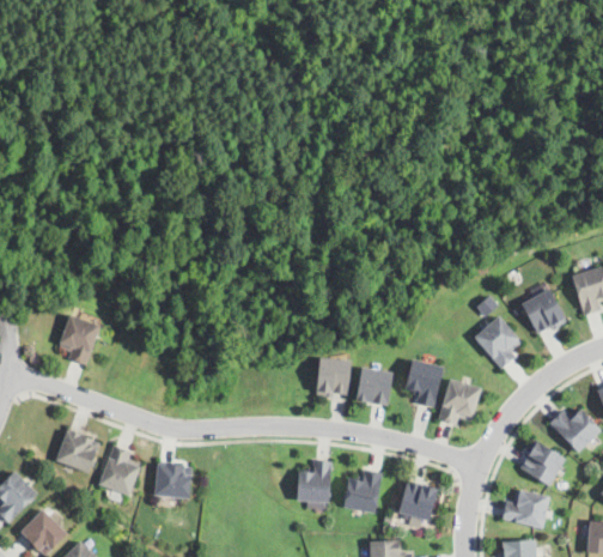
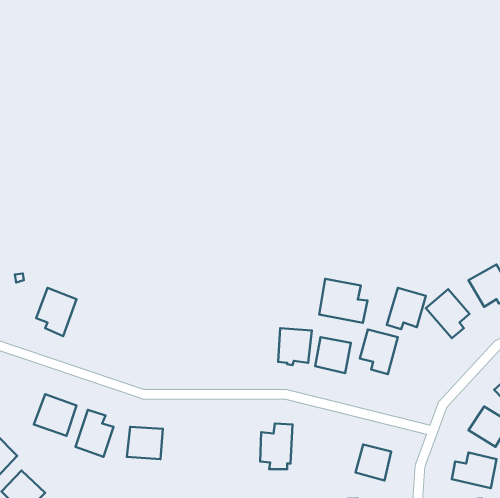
building: none -> [319,279,368,323]
building: [438,379,480,423] -> [387,288,426,329]
building: [343,468,382,511] -> none

